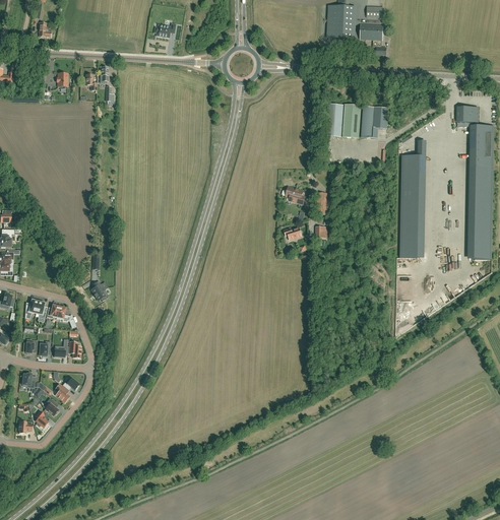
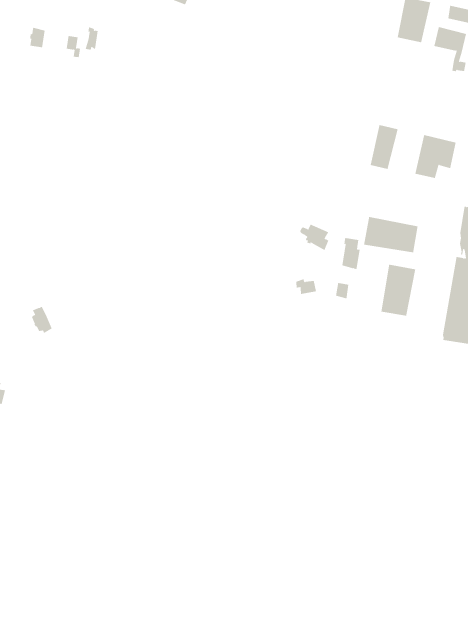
building: [341,105,360,137] -> none
building: none -> [364,216,418,253]
building: none -> [381,264,416,317]

